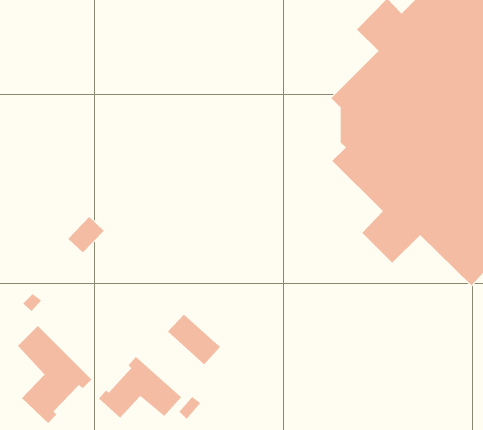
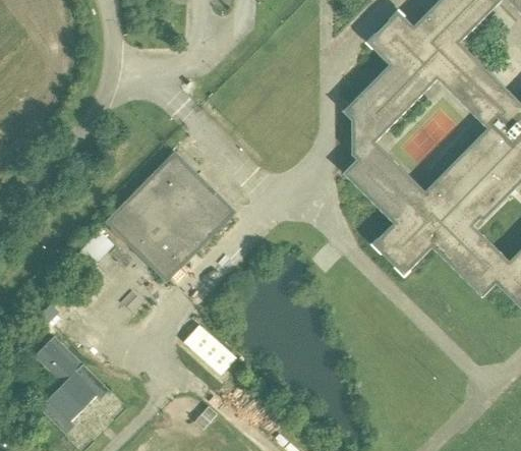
building: none -> [106,154,230,278]
building: [98,356,182,419] -> none

